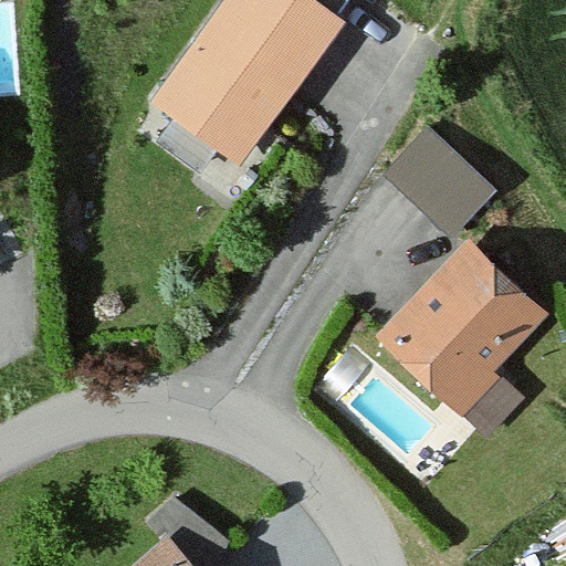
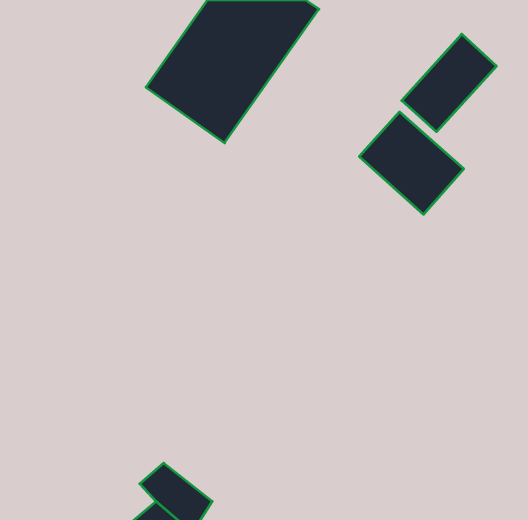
building: none -> [402,34,496,132]
building: [379,240,547,409] -> none

